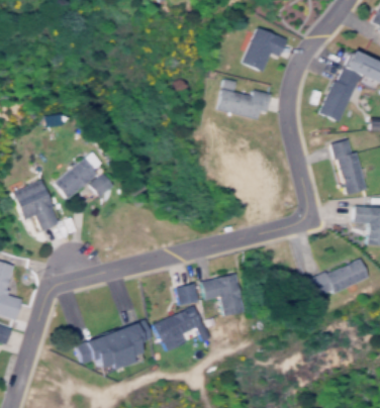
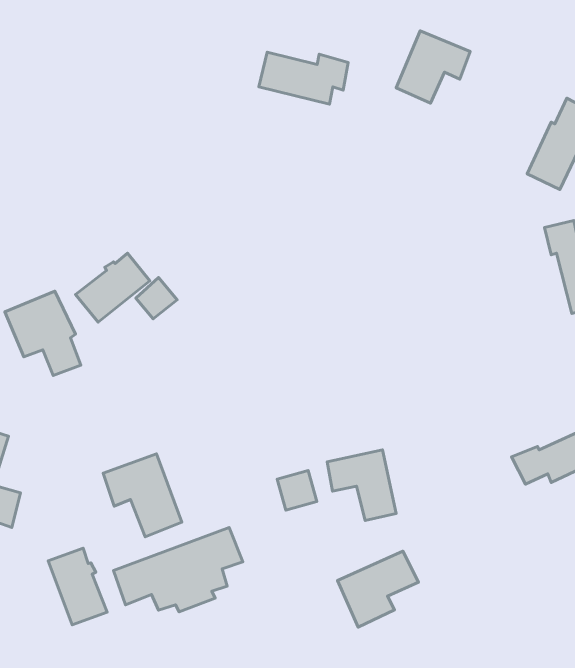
building: [218,89,271,119] -> [259,52,348,104]
building: none -> [103,454,182,537]
building: [155,307,202,351] -> [337,551,418,627]
building: none -> [48,548,107,625]

